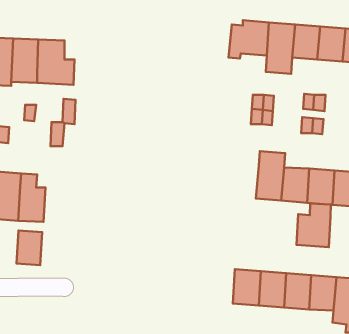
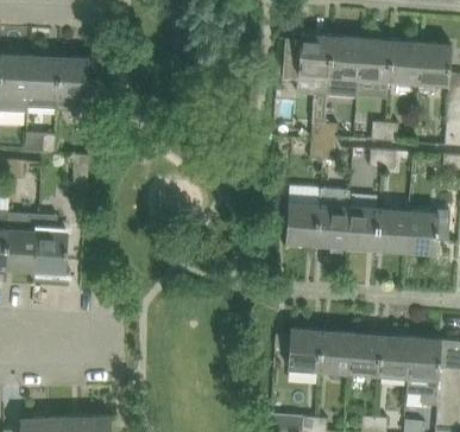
building: none -> [284,204,319,246]
building: [296,203,331,247] -> none
building: [17,231,42,265] -> none

